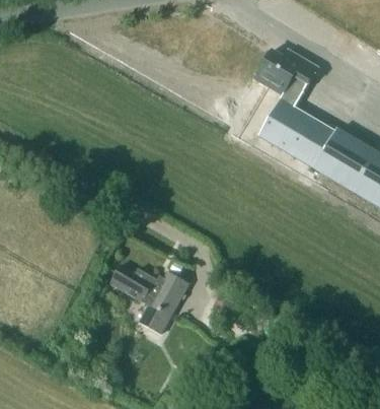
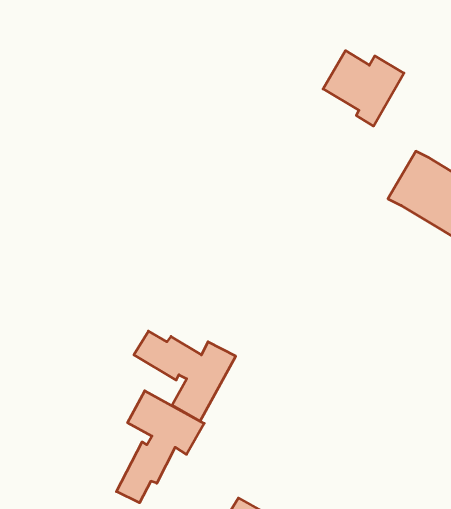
building: [258,98,325,162] -> none
building: none -> [116,391,204,503]

